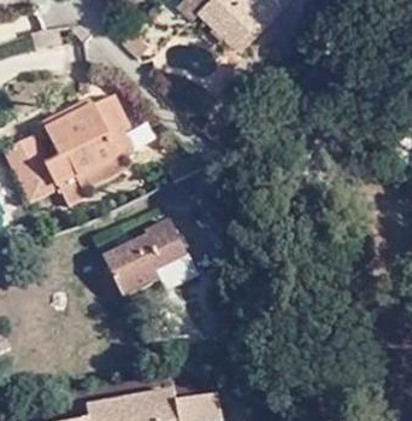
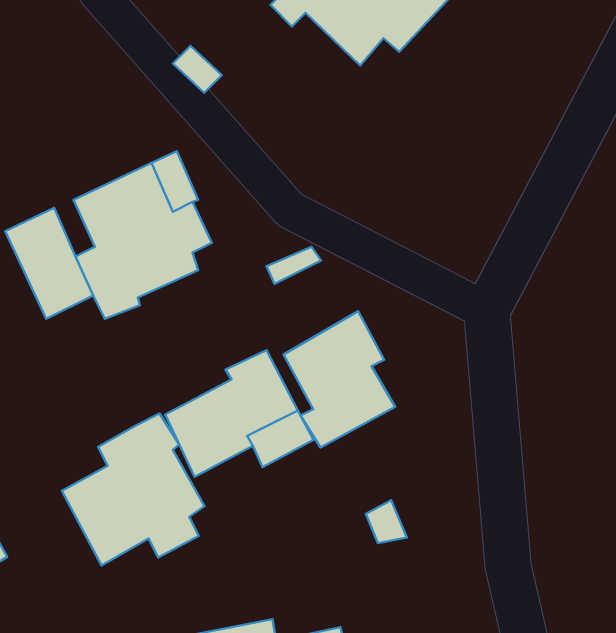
building: none -> [284,311,395,448]
building: none -> [62,414,205,565]

